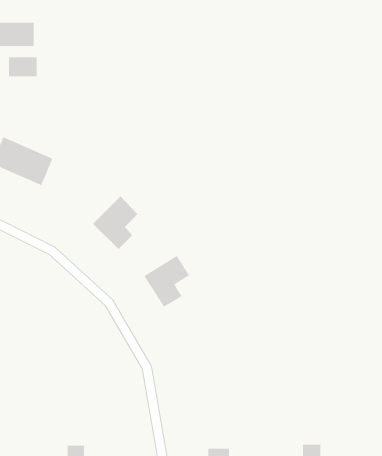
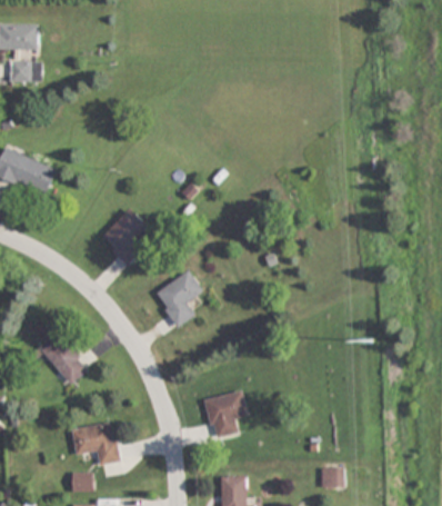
building: none -> [38,331,89,384]
building: none -> [203,390,248,438]
building: none -> [71,423,119,465]

